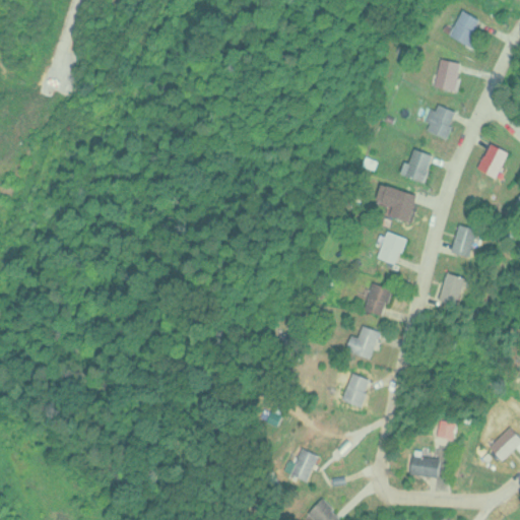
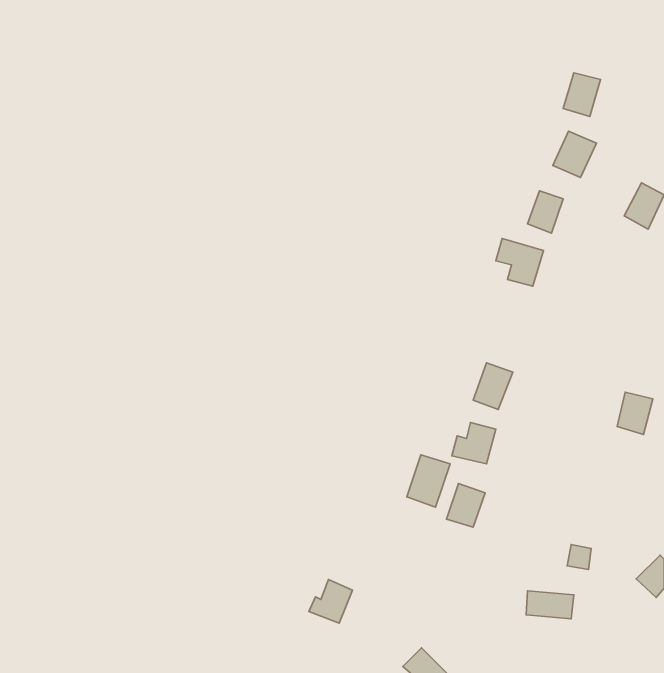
building: [447,10,479,46] -> none
building: [452,225,479,259] -> none
building: [382,235,404,255] -> none
building: [441,273,468,306] -> [617,392,653,435]
building: none -> [407,455,450,507]
building: [285,448,319,481] -> [309,580,352,623]

